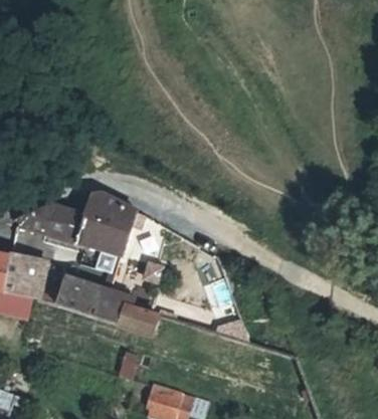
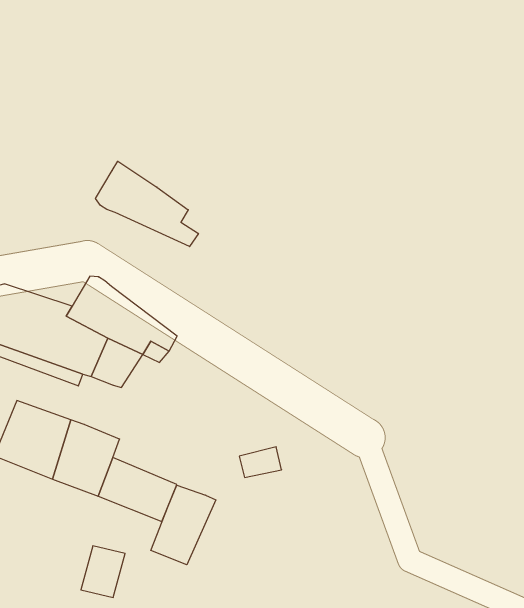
building: none -> [96,161,198,247]
building: none -> [151,485,216,565]

